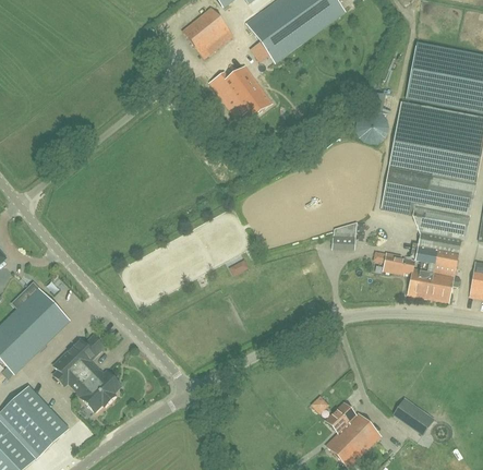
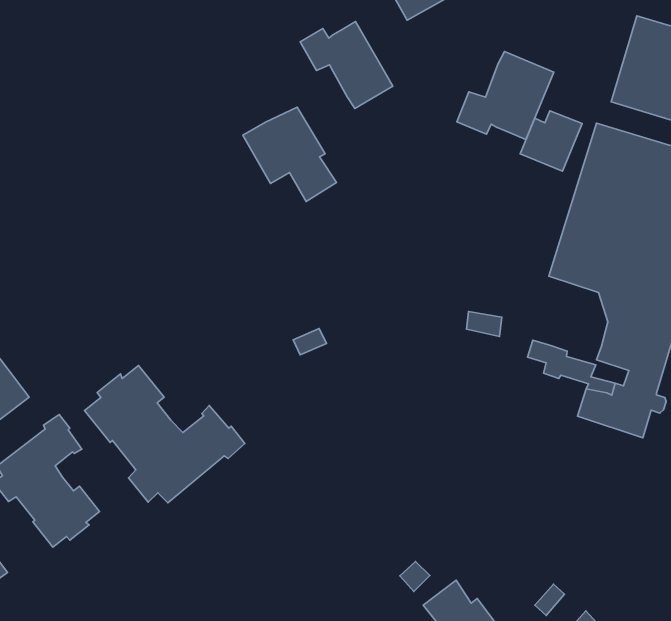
building: none -> [457,51,554,140]
building: none -> [243,107,337,202]
building: none -> [85,365,245,503]

